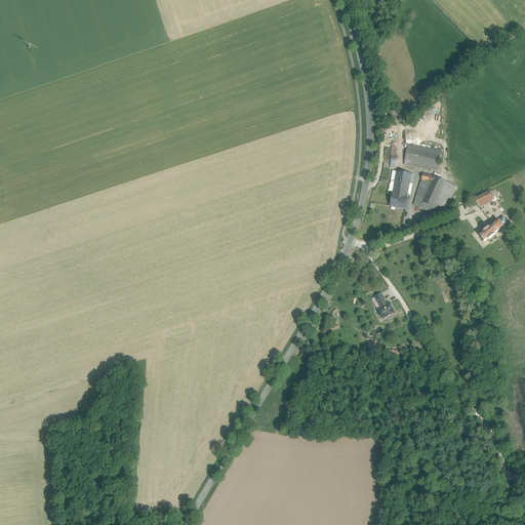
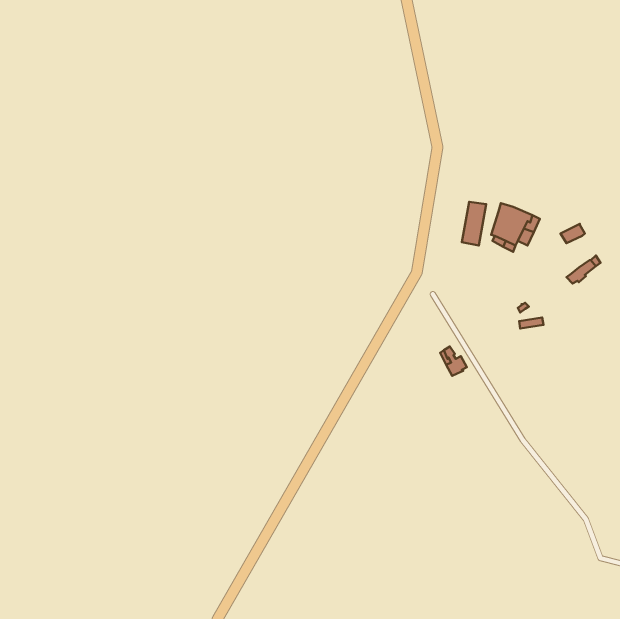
building: [403,143,440,168] -> none

